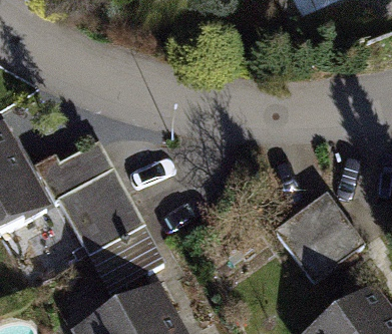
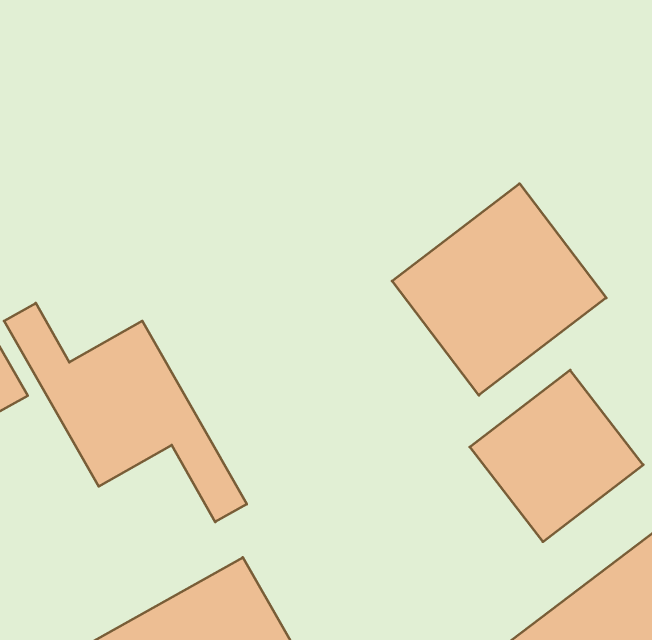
building: none -> [392,184,606,395]

